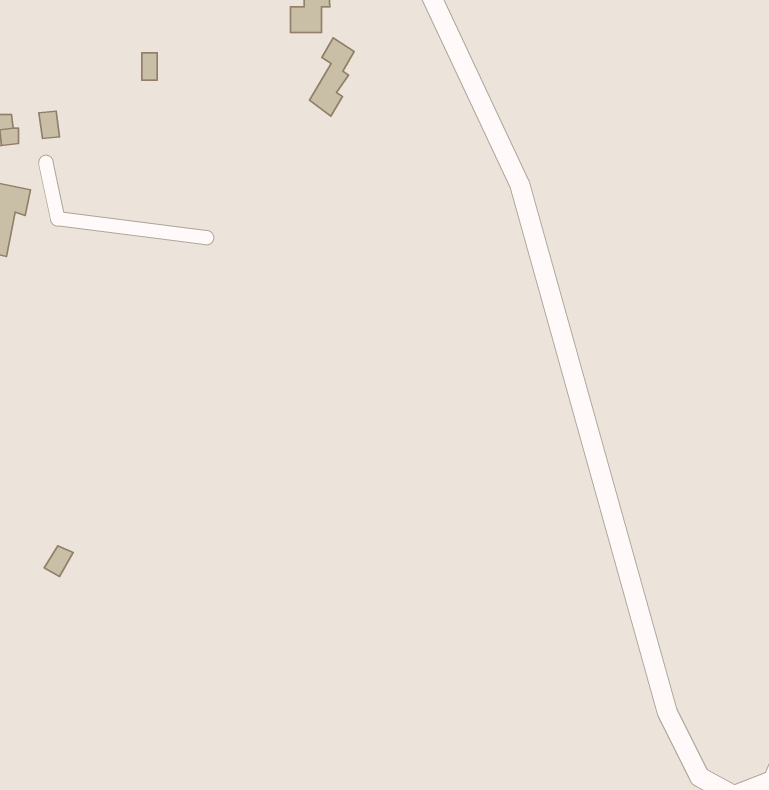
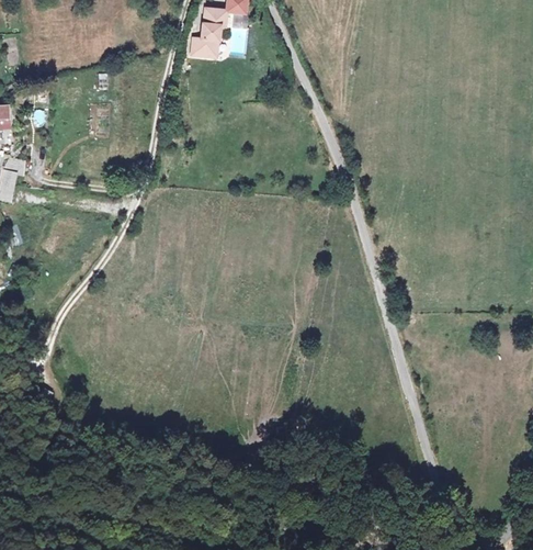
building: [310,38,354,116] -> none

